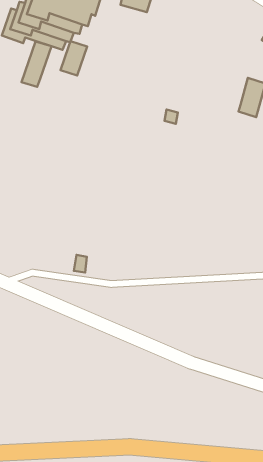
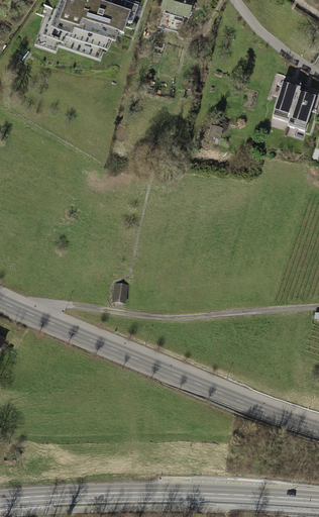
building: [60,41,87,75] -> none
building: [22,41,51,87] -> none
building: none -> [272,78,300,118]

